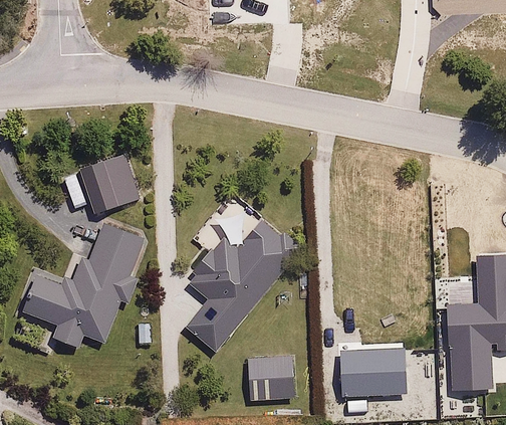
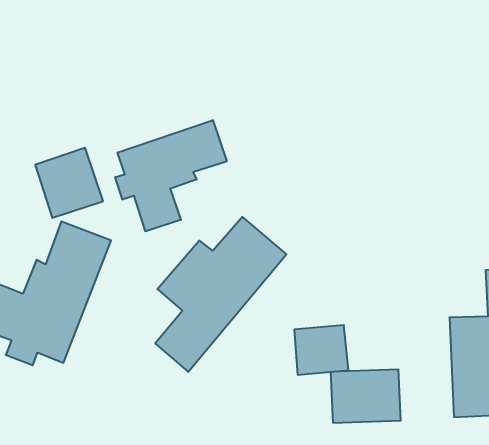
building: none -> [115,120,227,231]
building: [246,357,294,401] -> [294,325,348,375]

